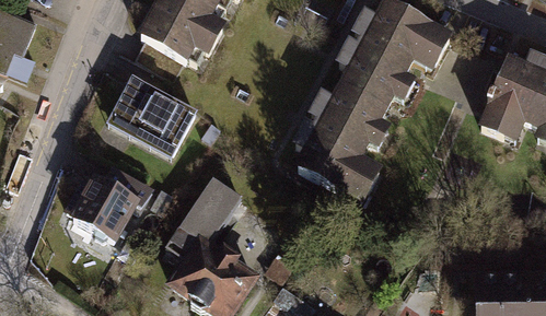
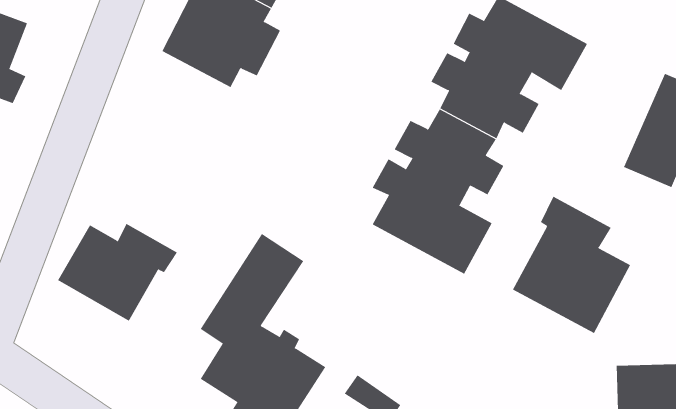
building: [104,77,197,157] -> none
building: none -> [512,196,631,334]

